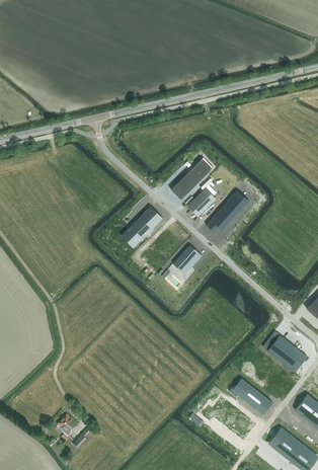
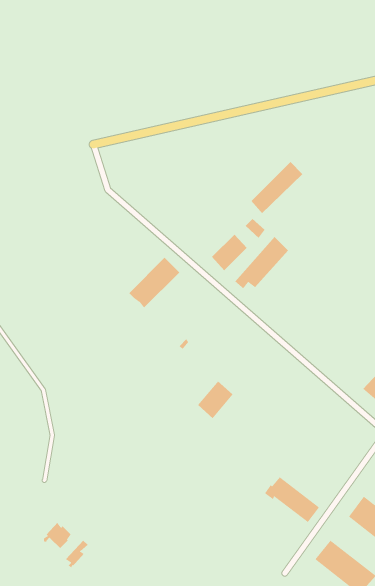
building: [171,158,213,200] -> [250,161,303,214]
building: [173,244,202,275] -> [197,380,233,419]
building: [262,331,307,372] -> none

